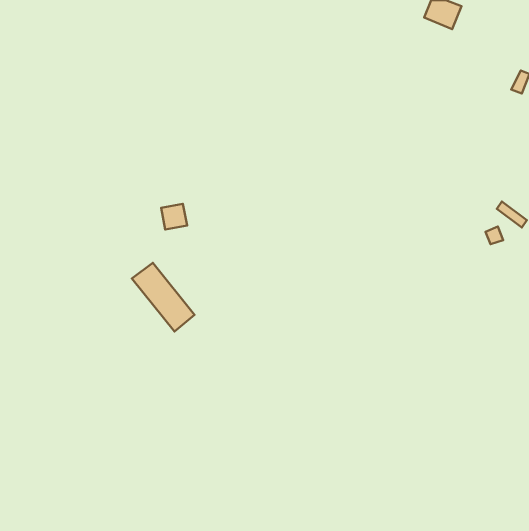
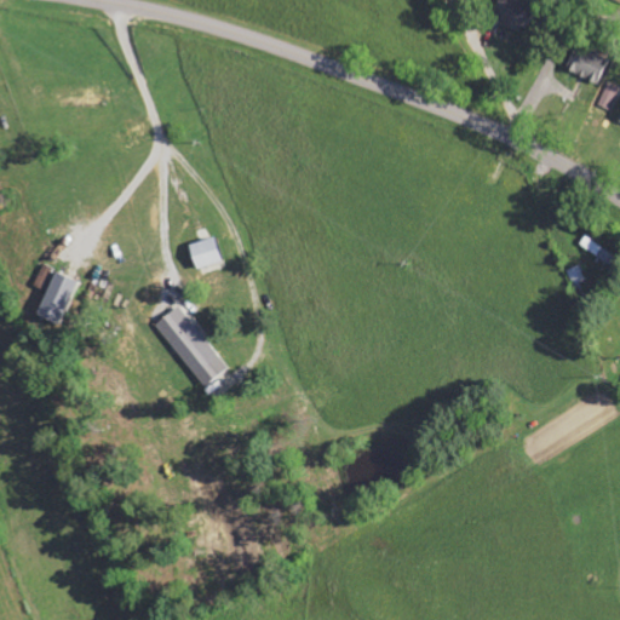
building: none -> [567,45,608,82]
building: none -> [36,271,76,325]

